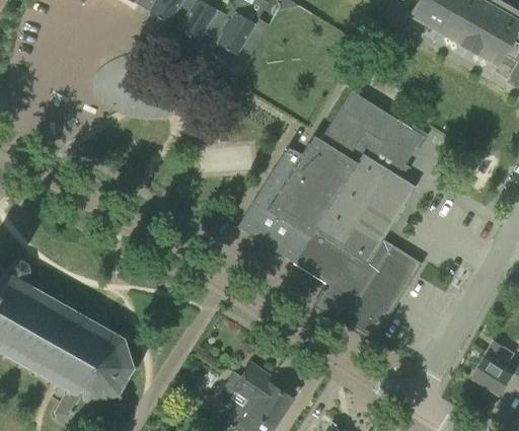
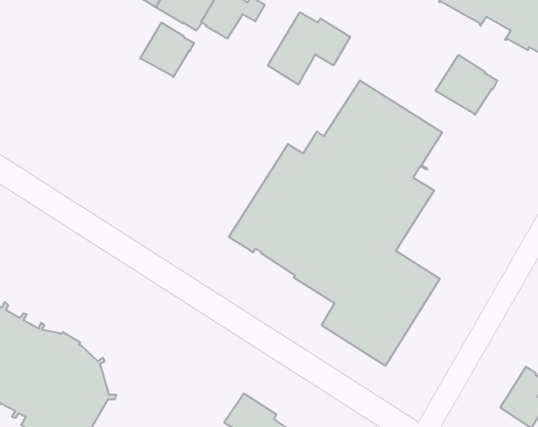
building: none -> [268,12,350,85]
building: none -> [140,23,194,77]
building: none -> [436,55,497,115]

